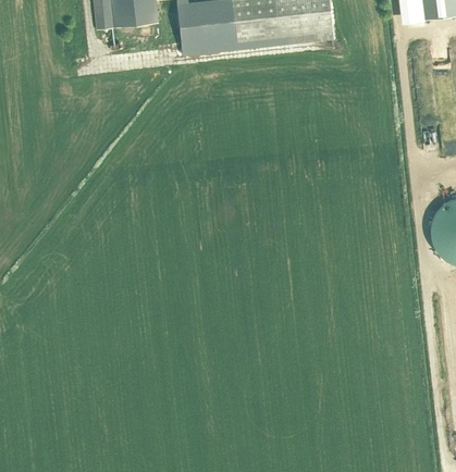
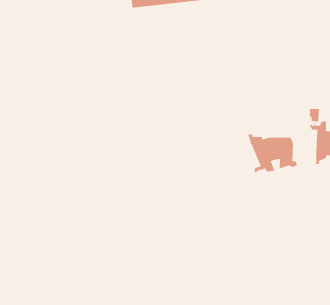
building: none -> [247,133,298,173]

